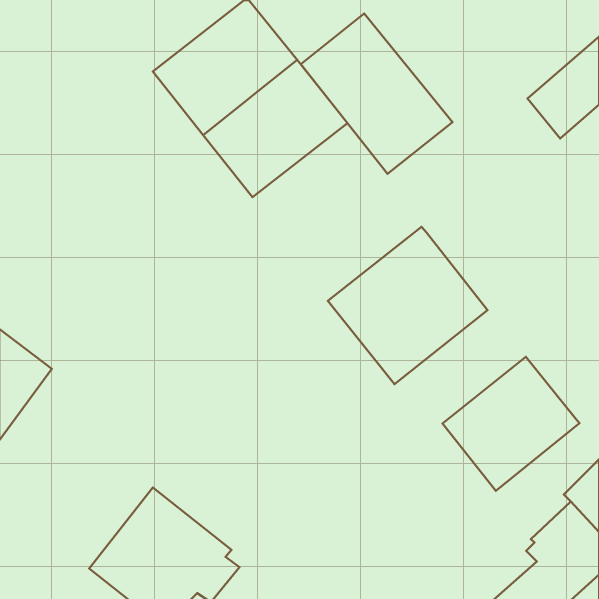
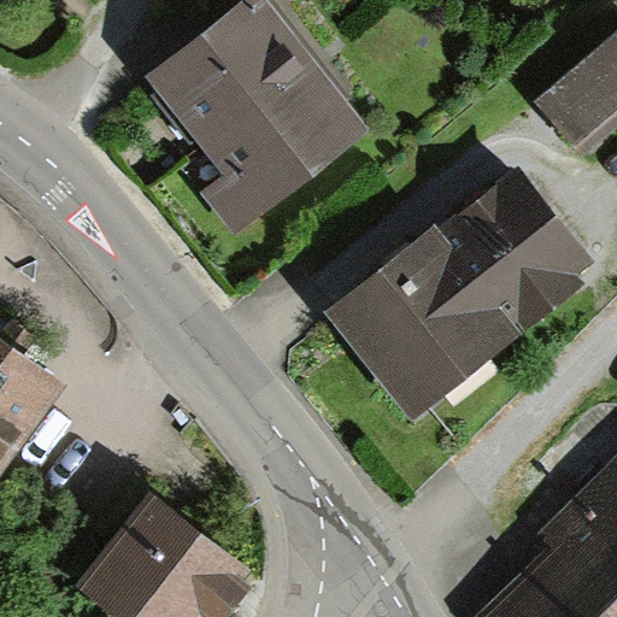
building: [301,13,452,174] -> none
building: none -> [437,176,582,321]
building: [442,357,579,491] -> none

